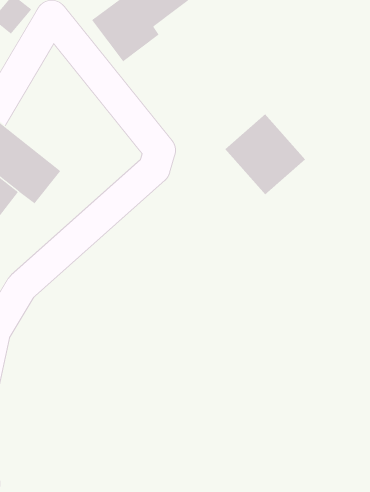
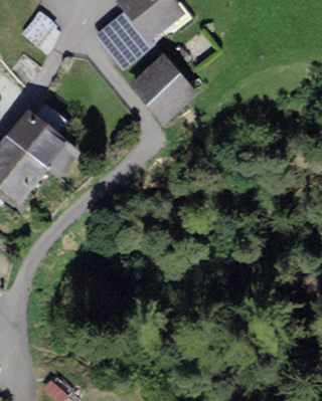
building: [224,114,306,195] -> [132,56,194,119]

